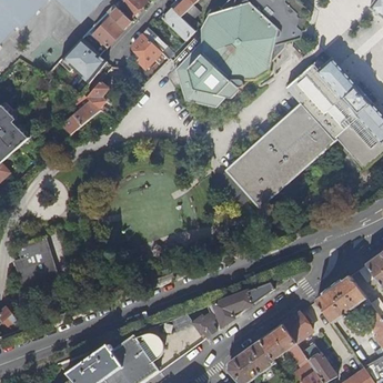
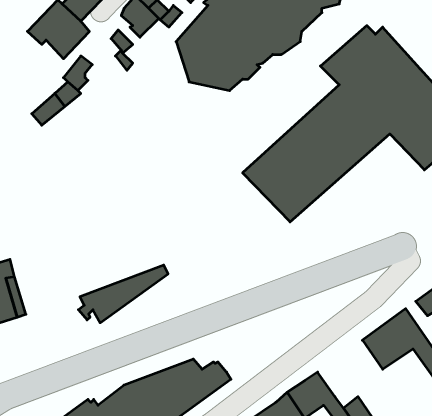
building: [205,282,274,326] -> [78,265,168,323]
building: [282,312,311,343] -> none

